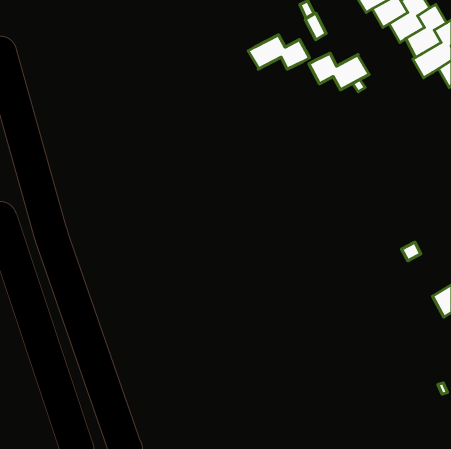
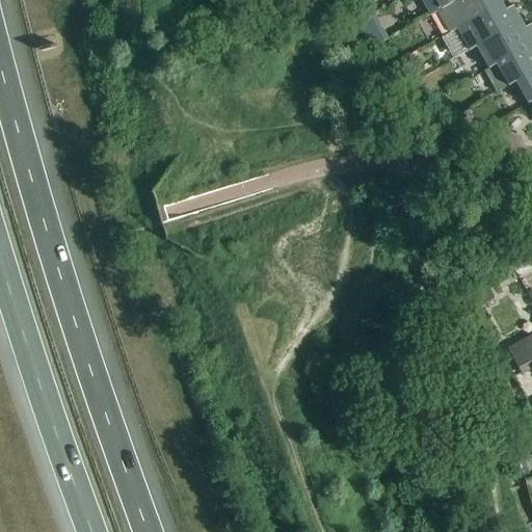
building: [248,35,310,69] -> none
building: [309,53,369,90] -> none

